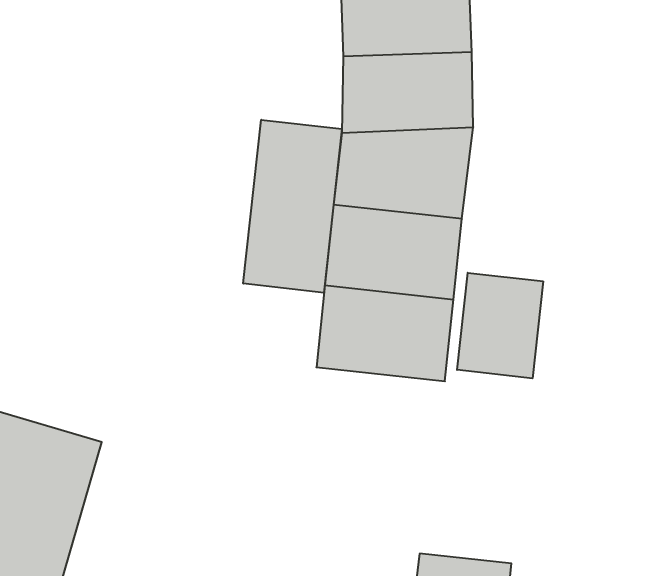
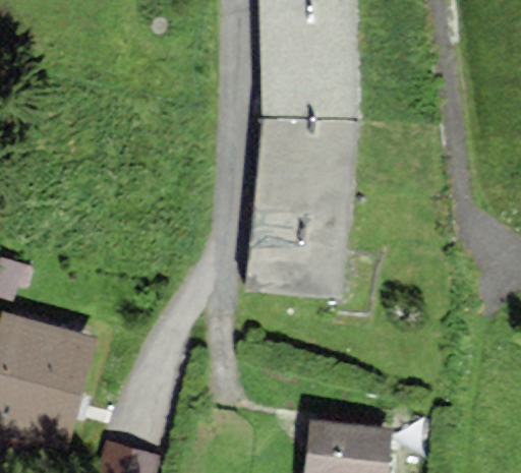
building: [243,120,342,293] -> none
building: [457,273,543,378] -> none

